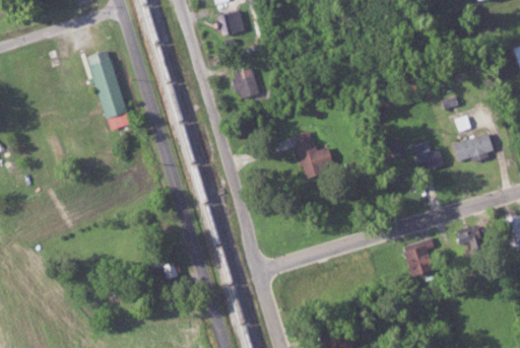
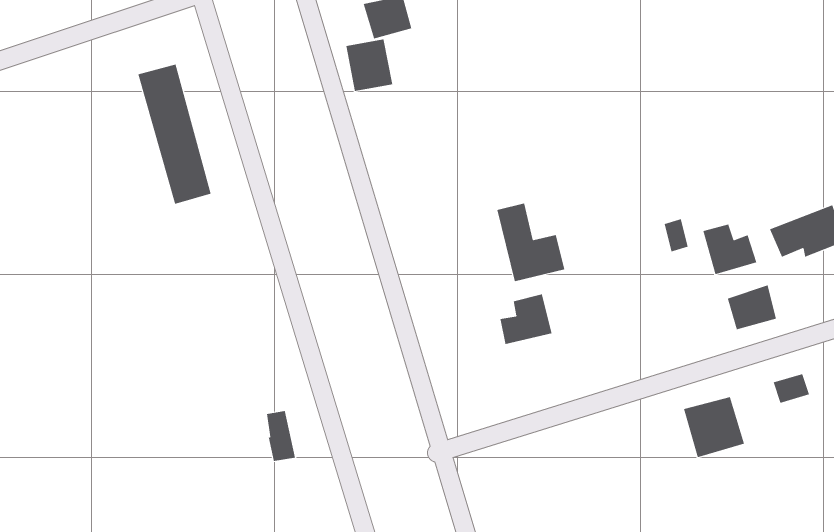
building: [233,68,260,98] -> [346,39,393,92]
building: none -> [727,285,777,330]
building: none -> [500,293,552,345]

